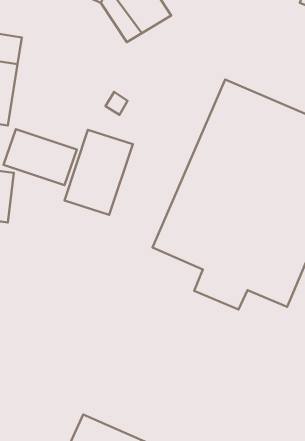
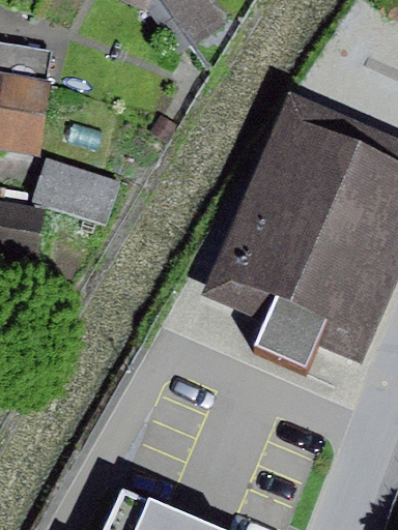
building: [64,130,133,215] -> none

